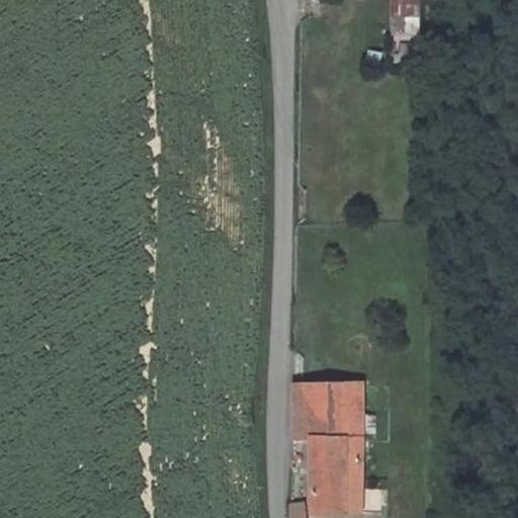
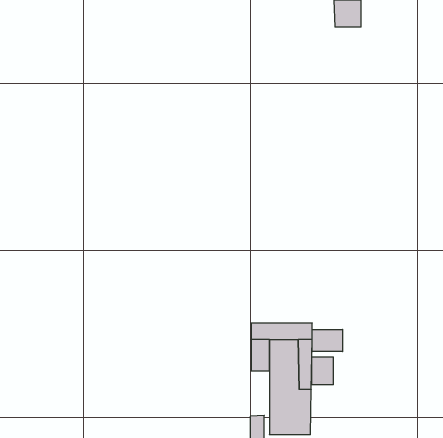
building: none -> [312,329,343,352]
building: none -> [312,357,333,385]

